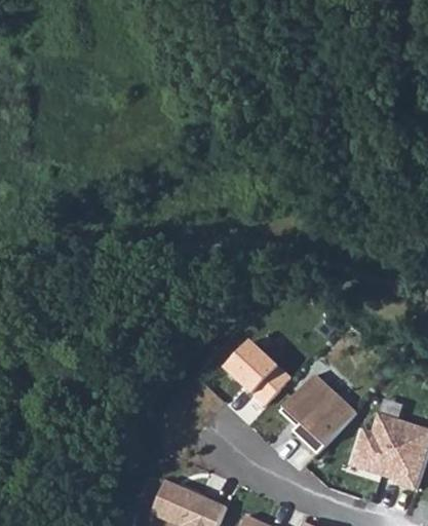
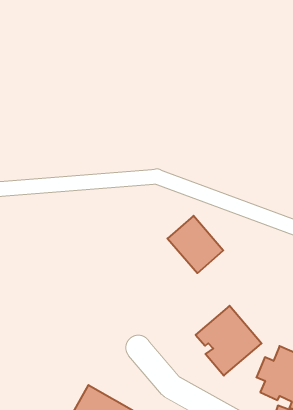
building: [226,340,290,405] -> [167,216,223,273]

